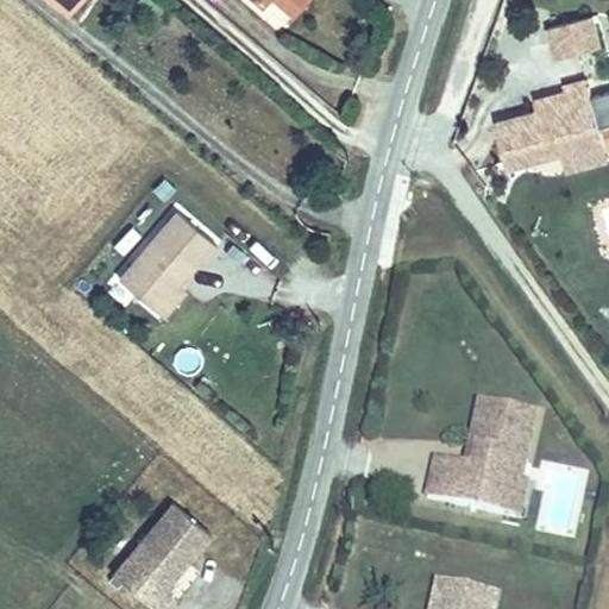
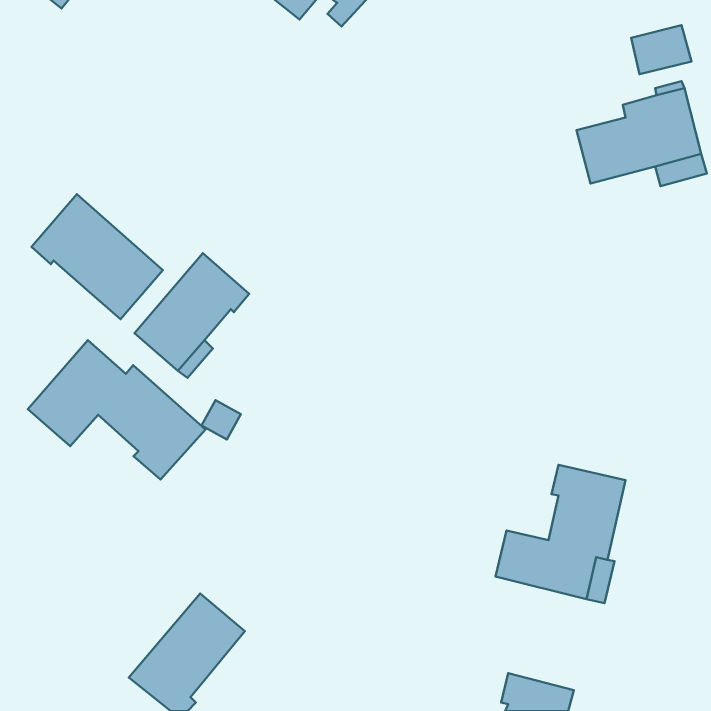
building: none -> [32,194,163,319]
building: none -> [28,340,205,480]

